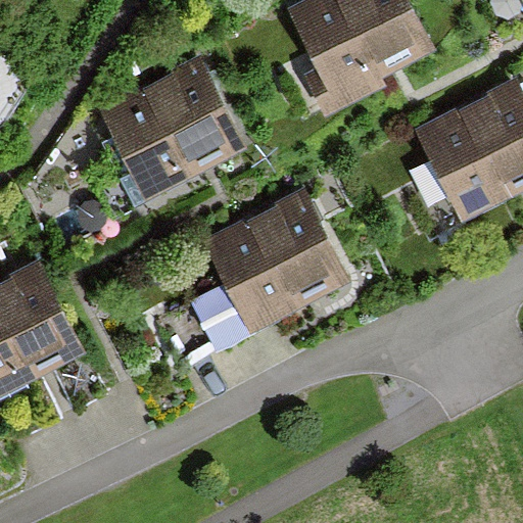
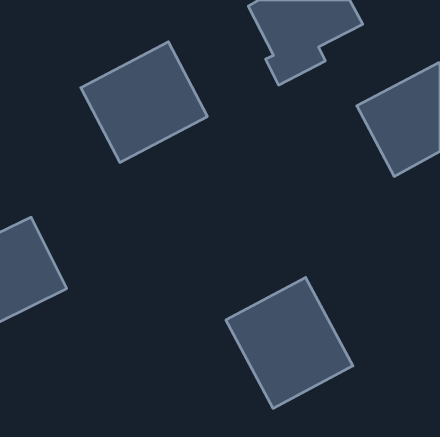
building: [209,196,347,326] -> none
building: none -> [226,277,353,408]

